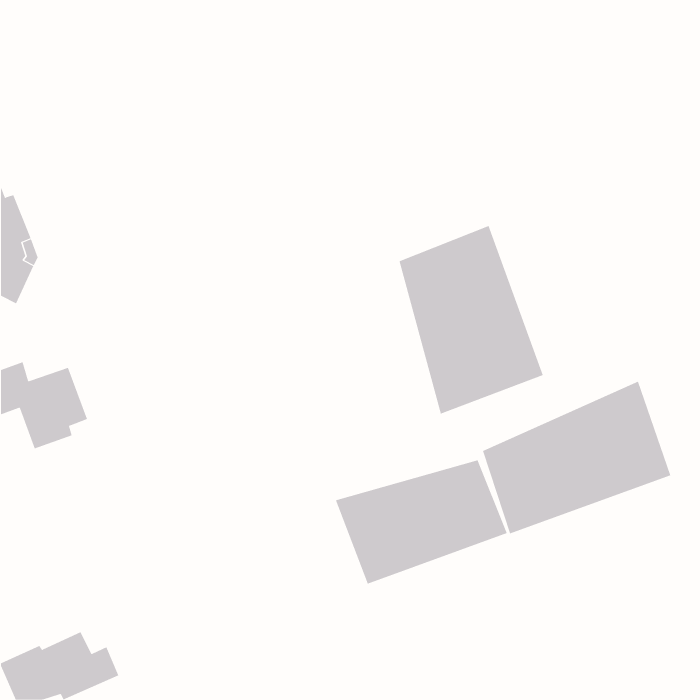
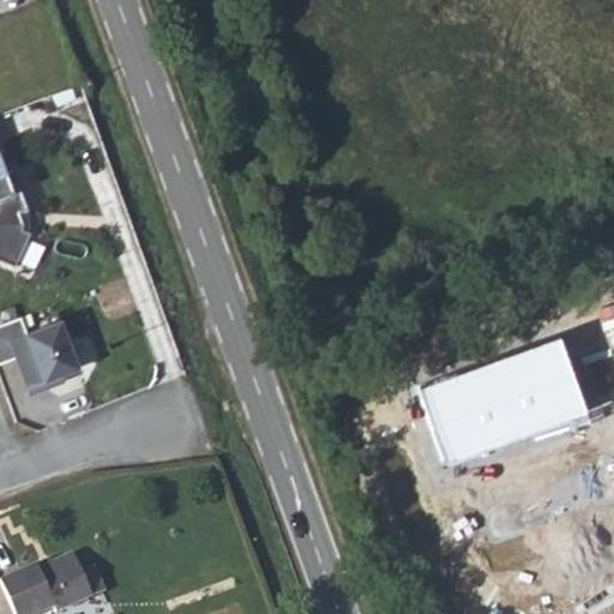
building: [399,225,544,414] -> none
building: [335,460,507,585] -> none

